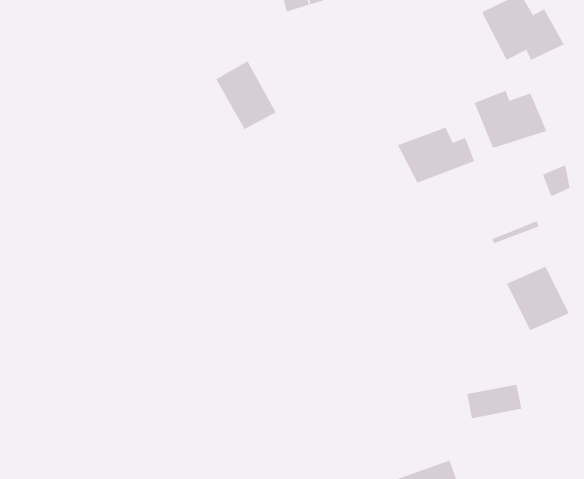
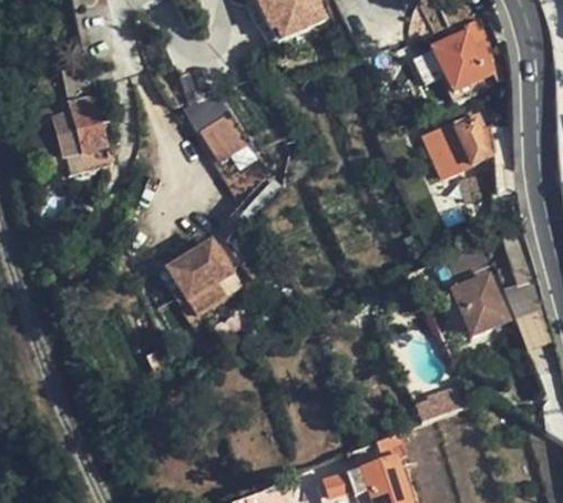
building: none -> [53,100,106,168]
building: [397,127,475,183] -> none
building: none -> [164,239,229,315]

